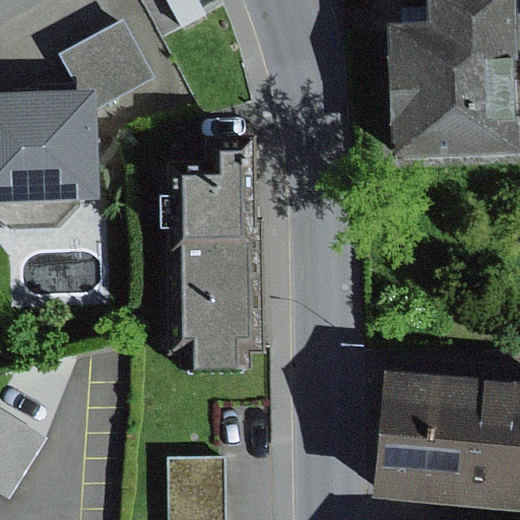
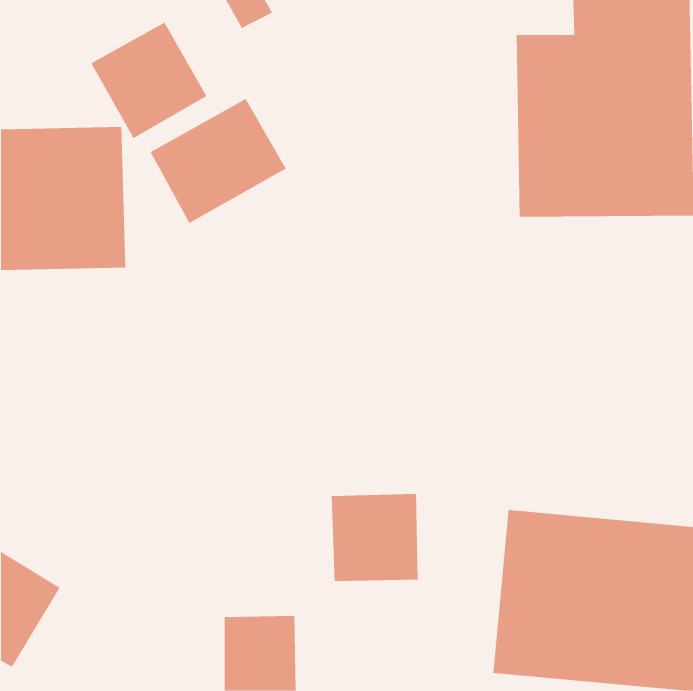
building: none -> [150,98,286,224]
building: [175,154,247,372] -> none
building: none -> [331,493,418,582]

